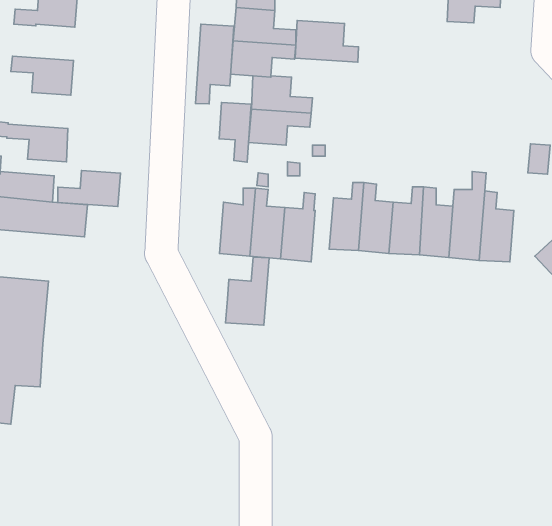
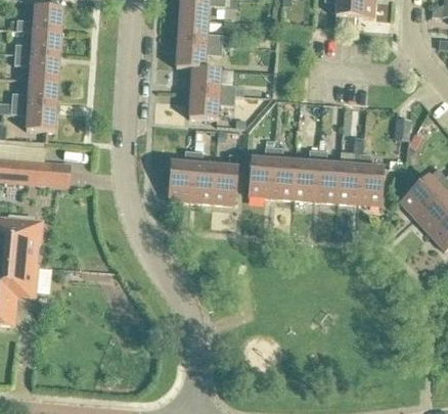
building: [295,20,358,62] -> none
building: [196,24,234,104] -> none
building: none -> [14,31,60,57]
building: [219,103,251,162] -> none
building: [58,171,120,207] -> [11,81,57,107]
building: [225,257,269,325] -> none

